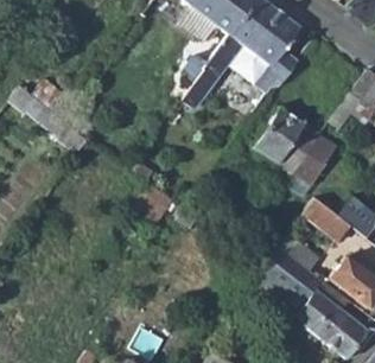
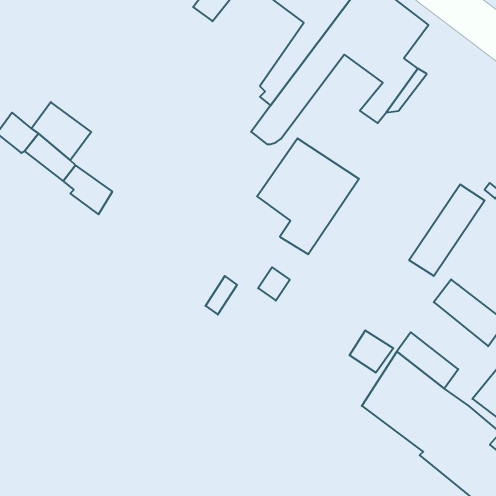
building: [253,107,322,185] -> [257,138,359,254]

